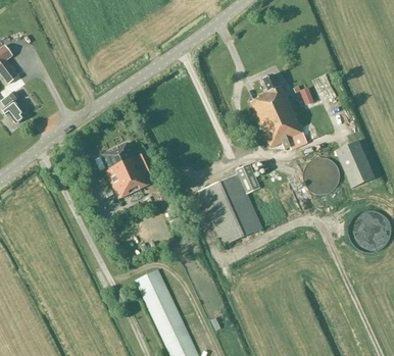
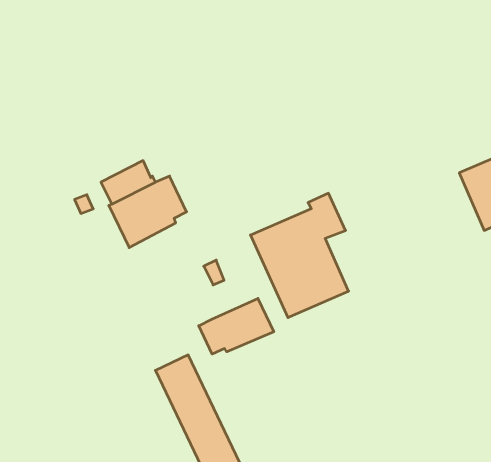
building: [251,74,328,153] -> none
building: [303,157,340,194] -> none
building: none -> [199,298,274,354]

